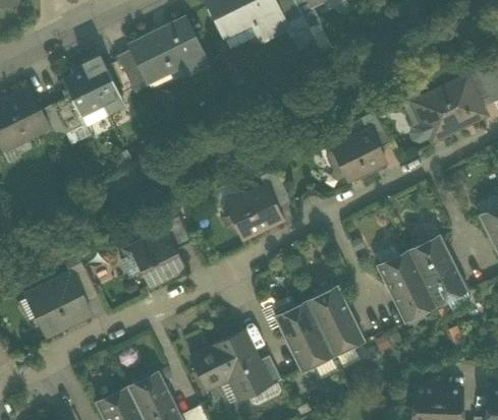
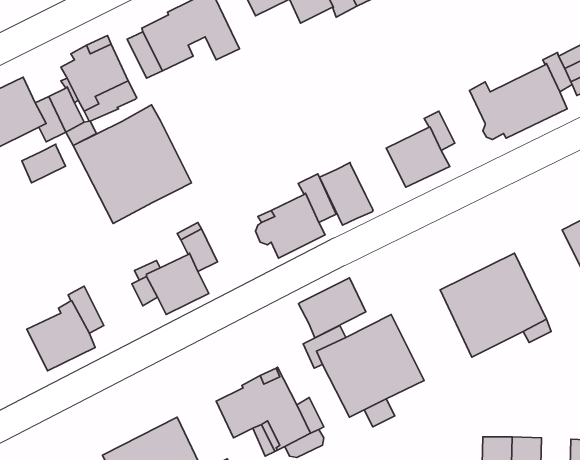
building: none -> [73,105,191,224]
building: none -> [22,144,66,183]
building: none -> [319,162,373,225]
building: none -> [299,278,366,338]

